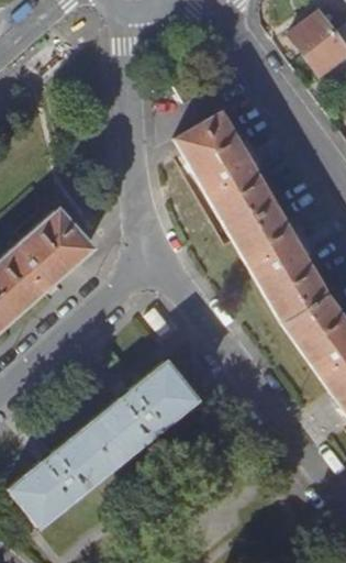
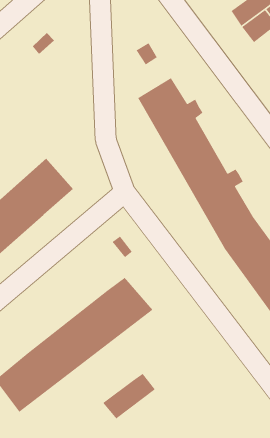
building: none -> [102,373,156,420]

